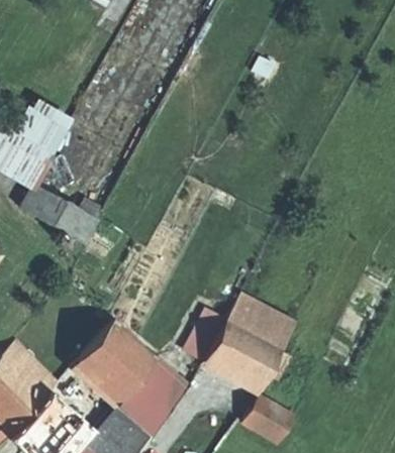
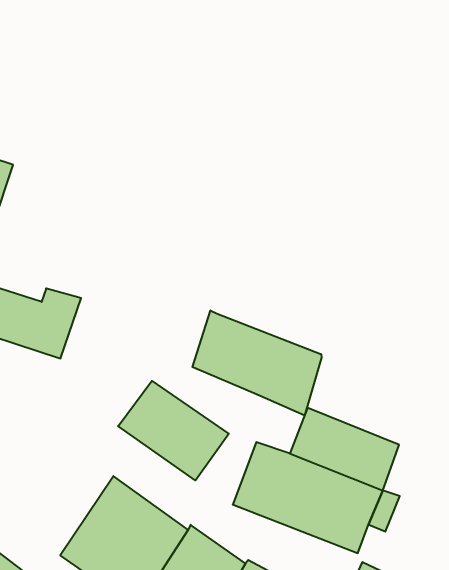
building: none -> [192,310,322,416]
building: none -> [118,381,229,480]

